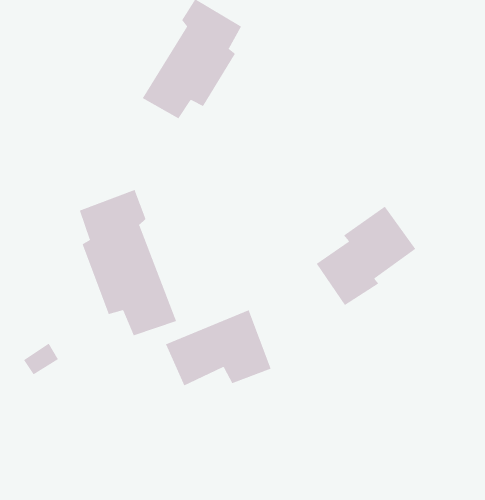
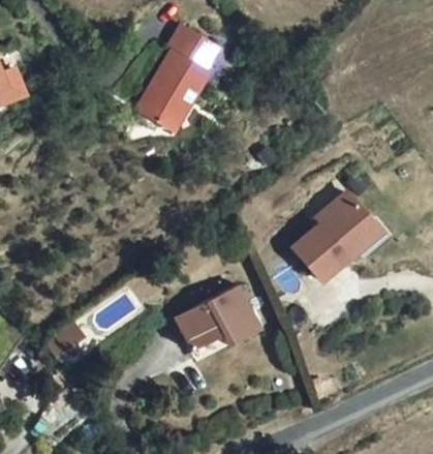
building: [79,189,177,336] -> none

